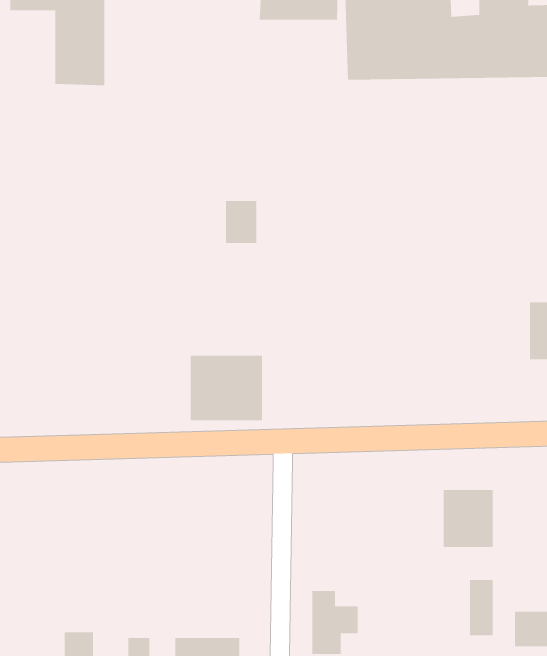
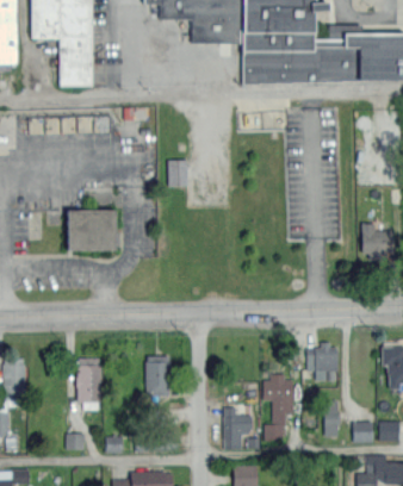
building: [190,355,263,421] -> [67,210,113,251]
building: none -> [145,356,169,395]
building: none -> [76,359,100,409]
building: none -> [262,375,293,441]

